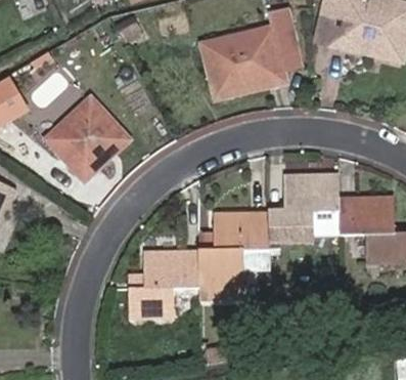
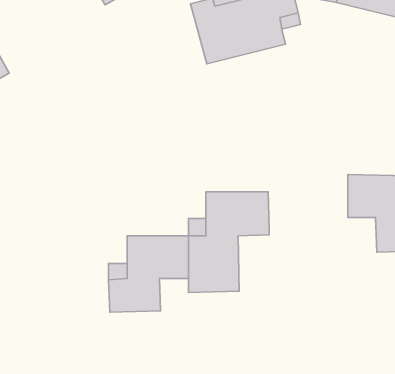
building: [47,96,130,178] -> none
building: [270,172,341,243] -> none

